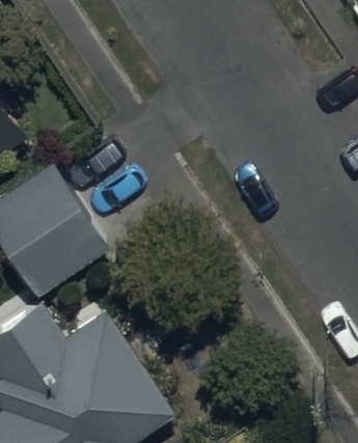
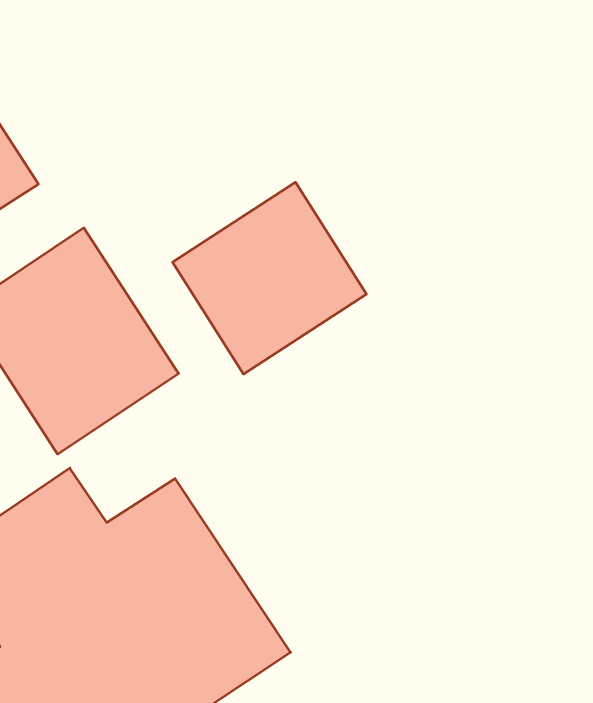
building: none -> [173,182,366,374]

